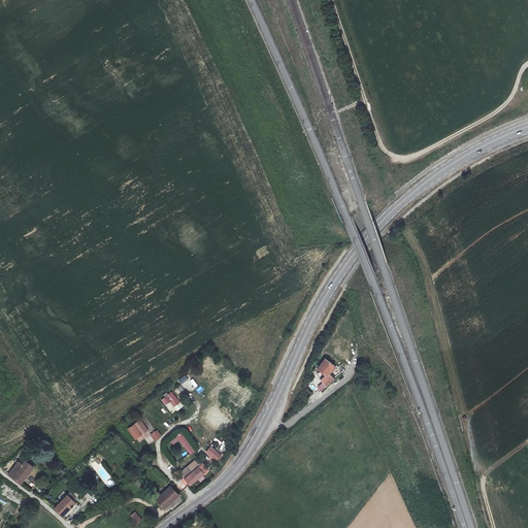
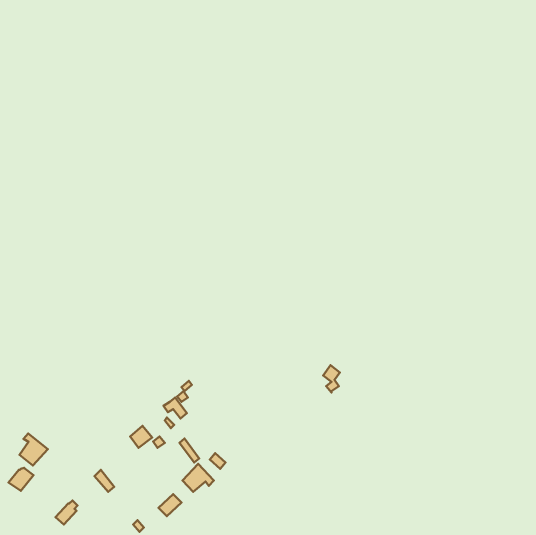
building: none -> [19,433,48,465]

